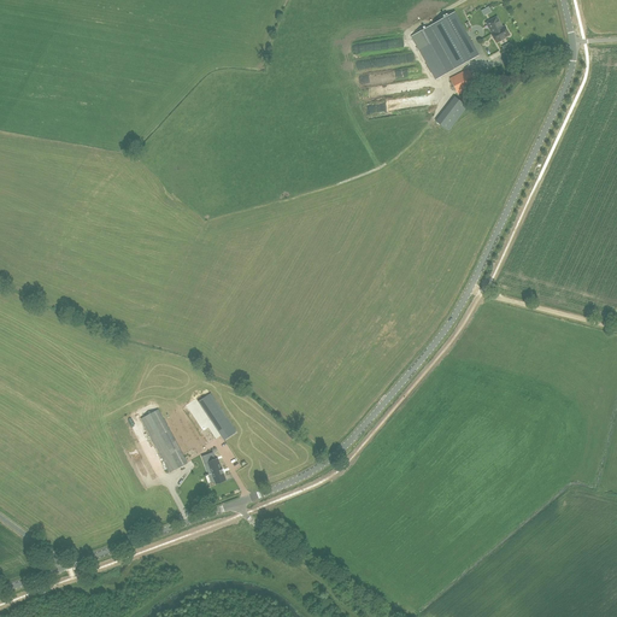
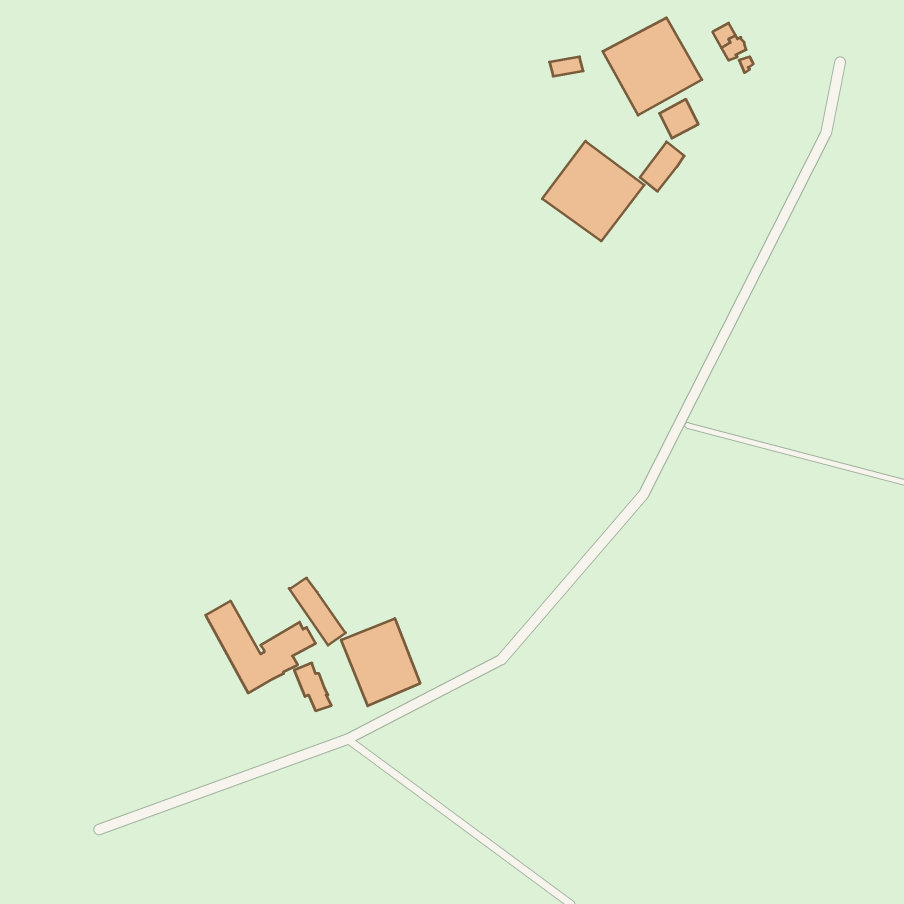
building: none -> [542,141,644,241]
building: none -> [341,618,420,706]

